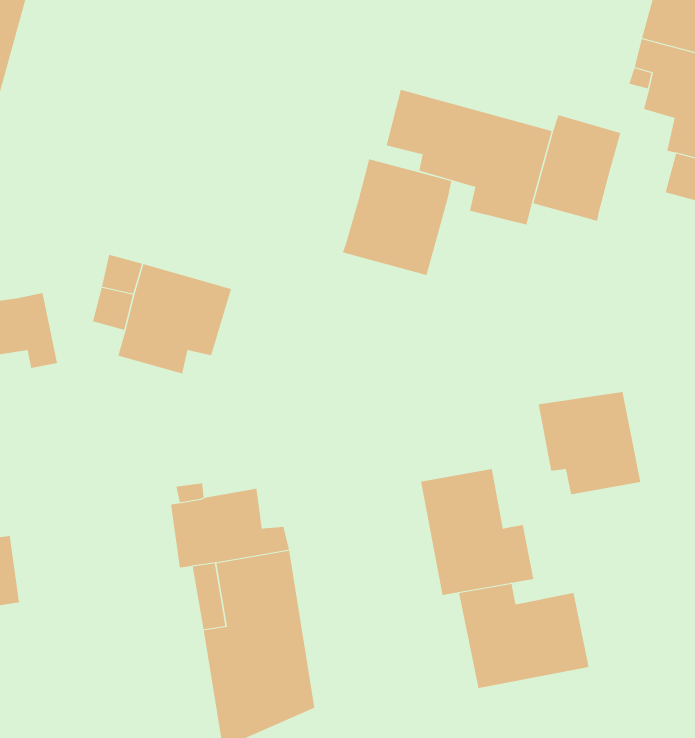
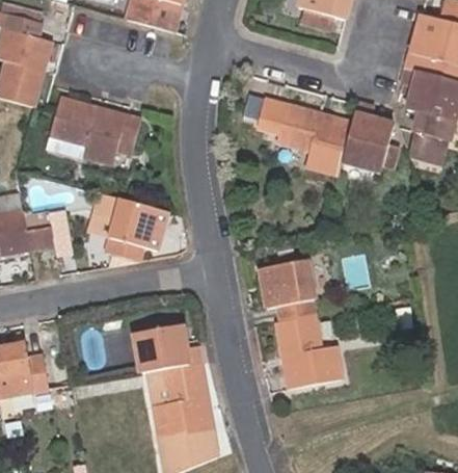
building: none -> [51,96,141,164]
building: [342,159,452,276] -> none
building: [538,391,641,495] -> [260,262,319,321]
building: [459,583,589,689] -> none

